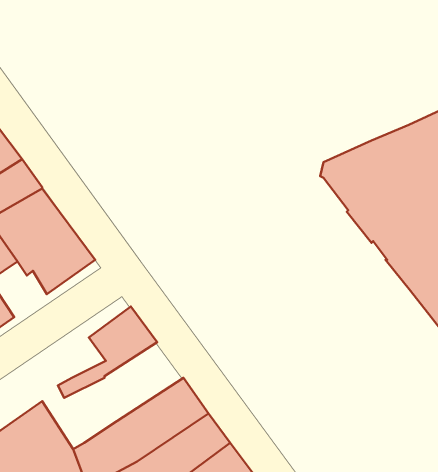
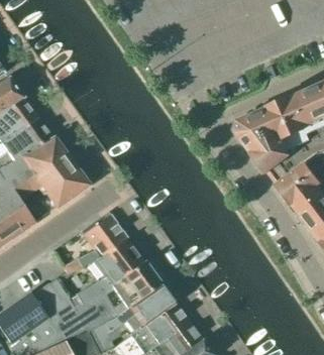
building: none -> [76,237,146,303]

